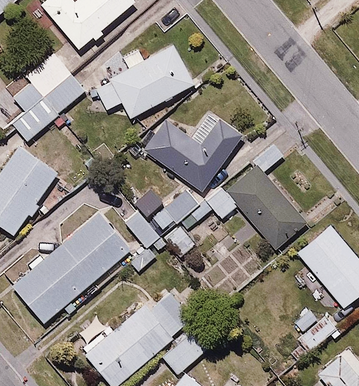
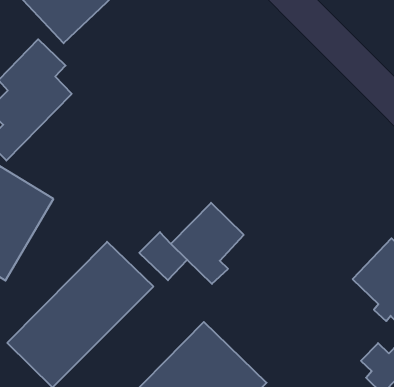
building: [95,44,193,119] -> none
building: [144,113,240,191] -> none
building: [208,146,308,249] -> none

